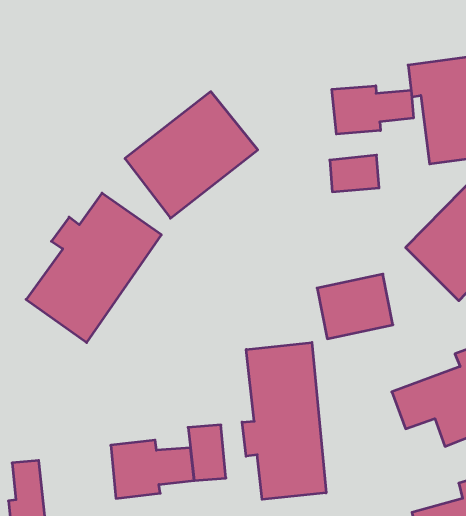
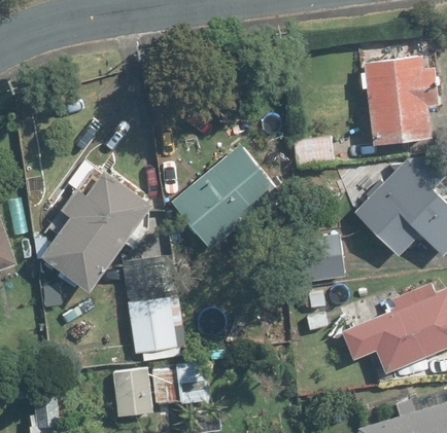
building: [332,86,413,134] -> none
building: [125,92,258,218] -> [171,147,279,250]
building: [242,342,326,499] -> none
building: none -> [114,298,174,354]

